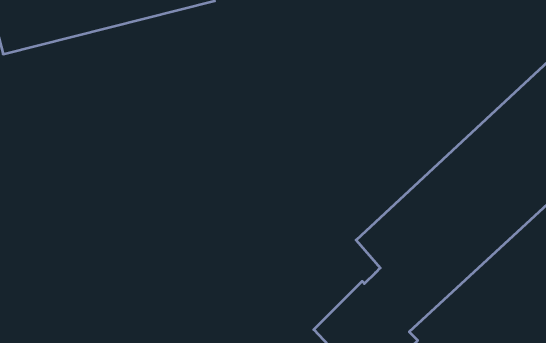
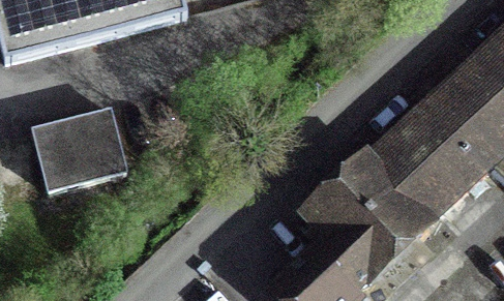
building: none -> [34,109,125,188]

